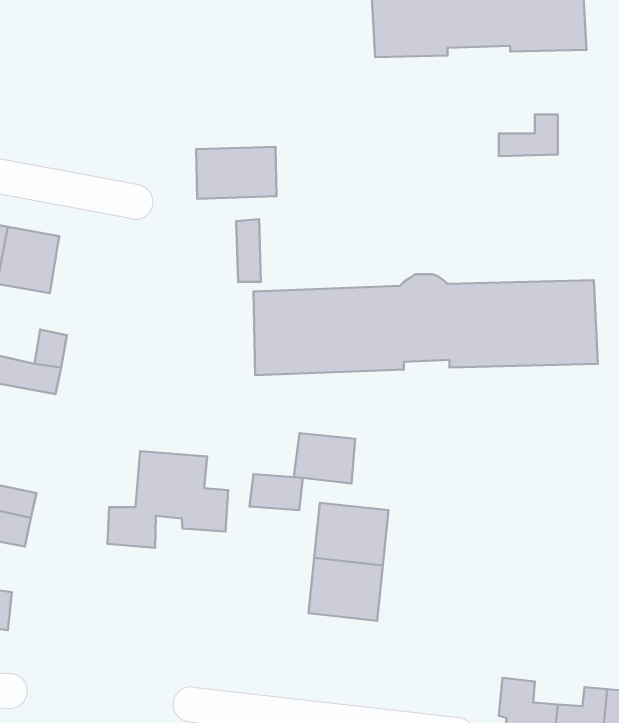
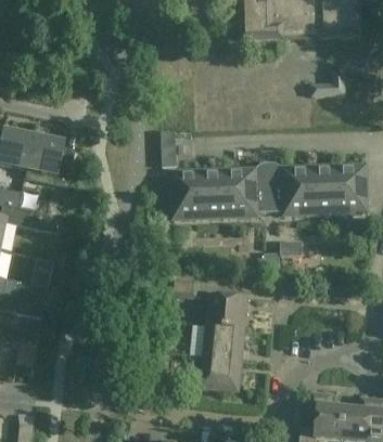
building: [196,147,276,199] -> none
building: [294,433,355,483] -> none
building: [107,451,228,548] -> none
building: none -> [201,354,243,390]

